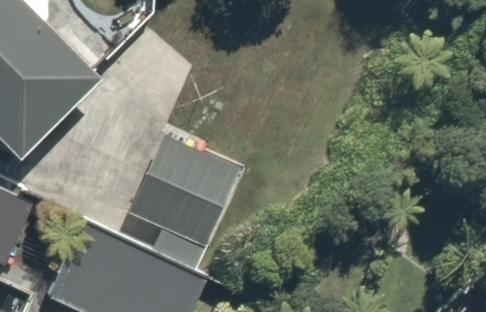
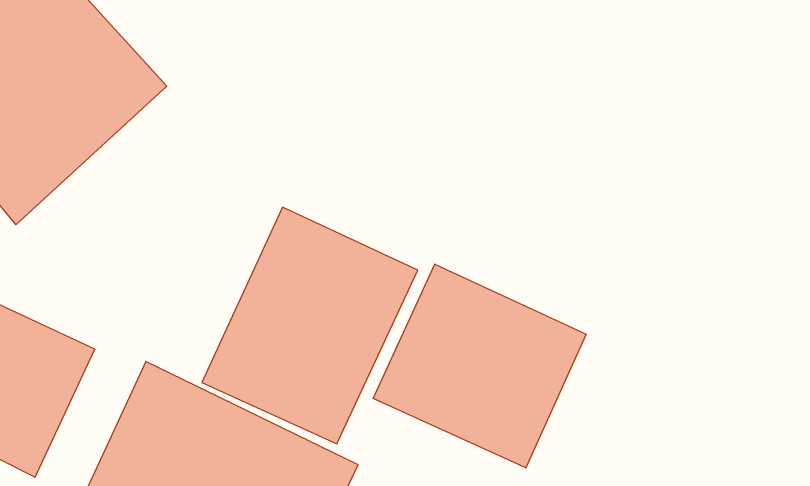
building: none -> [373,264,586,468]

